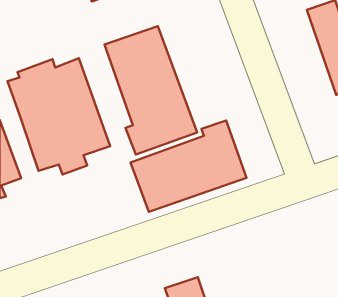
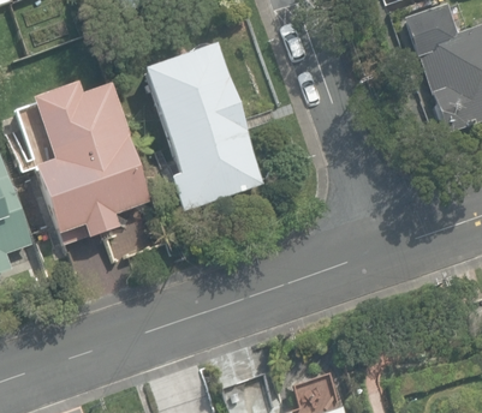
building: [130,121,247,212] -> none

